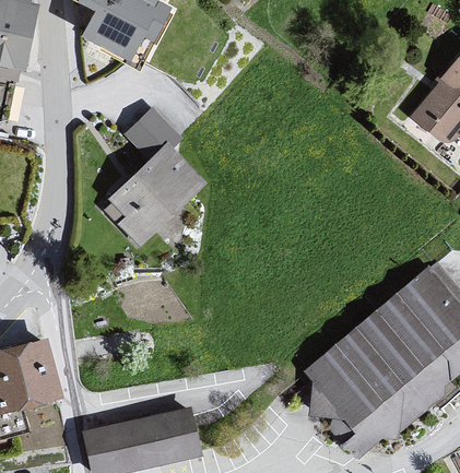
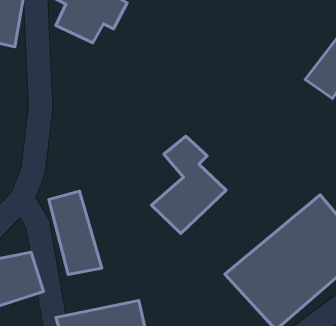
building: [107,107,207,237] -> [151,136,226,234]
building: none -> [49,191,102,274]

